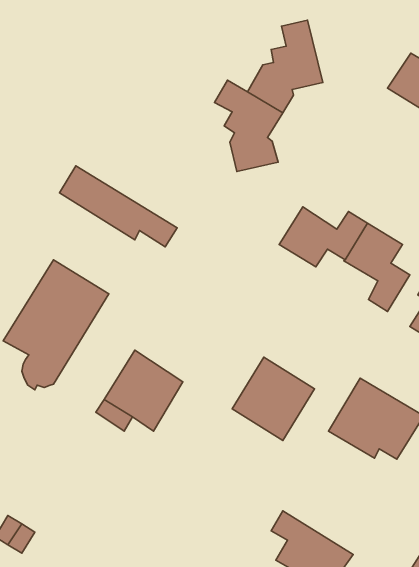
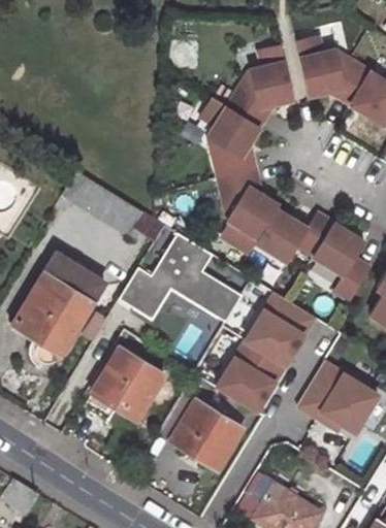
building: none -> [294,37,371,105]
building: none -> [218,170,278,239]
building: none -> [120,235,242,322]
building: none -> [242,293,317,369]
building: none -> [157,394,242,471]

